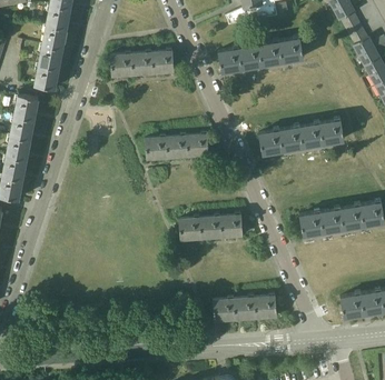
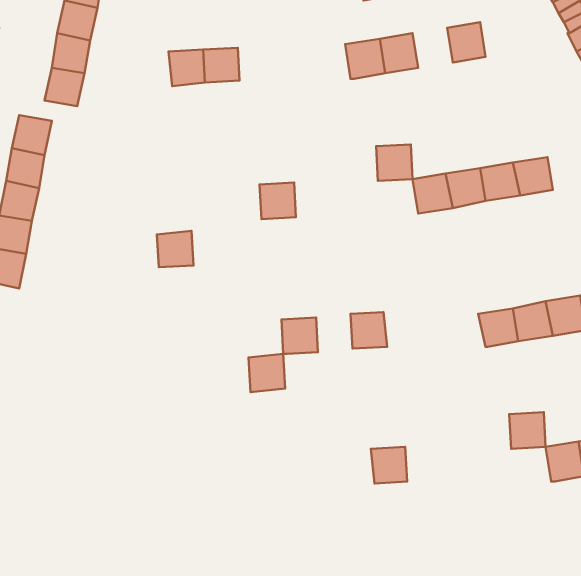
building: [259,41,284,66] -> none
building: [152,51,175,73] -> none
building: [187,134,209,157] -> [376,144,413,181]
building: [145,137,167,159] -> [157,231,193,267]
building: [200,216,223,239] -> [249,354,285,392]
building: [255,296,277,318] -> [509,412,546,449]
building: [214,298,236,321] -> none

